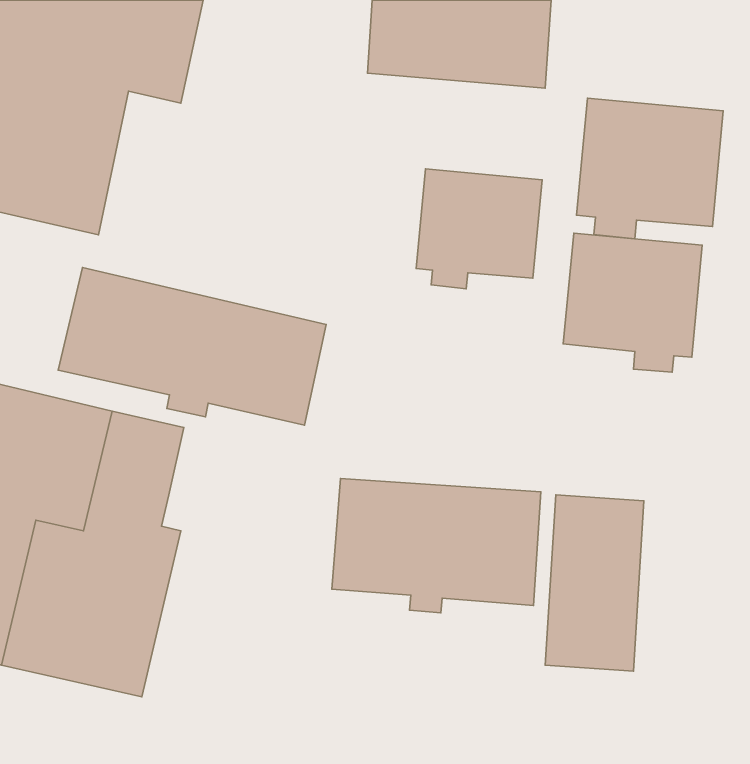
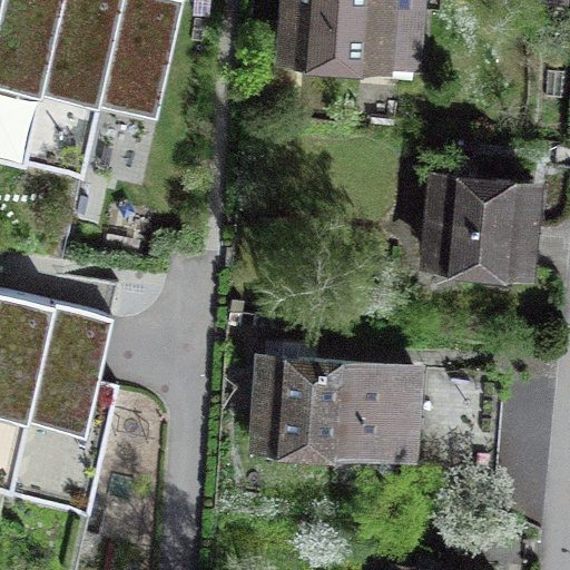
building: [577,98,723,239] -> none
building: [416,169,542,289] -> none
building: [58,267,326,425] -> none

